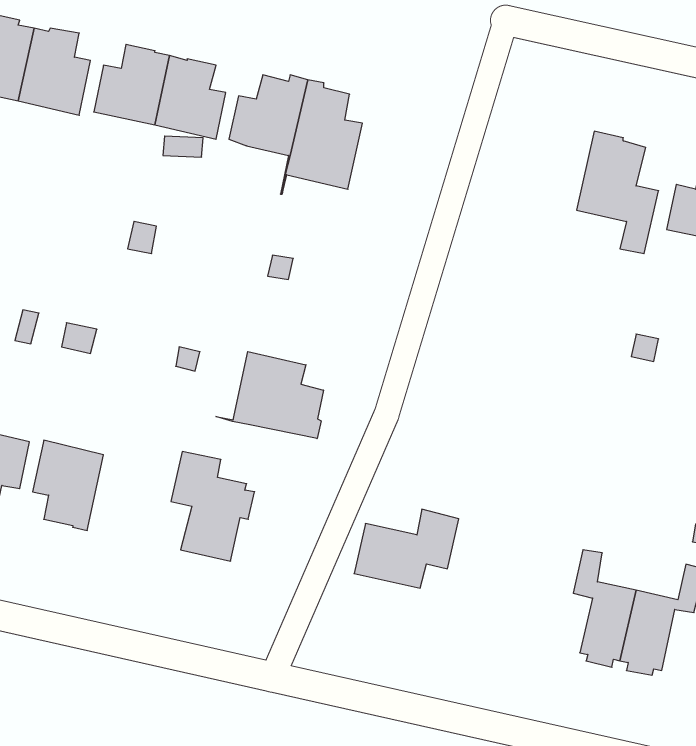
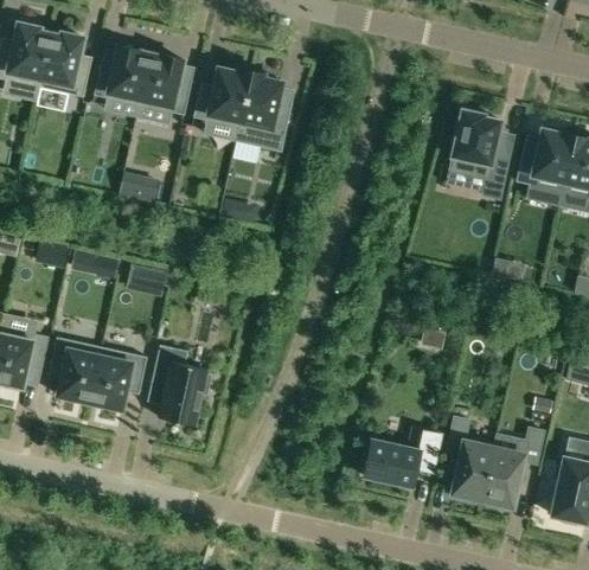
building: [216,352,323,439] -> none
building: none -> [89,347,146,409]
building: [354,509,459,588] -> [363,428,440,486]

